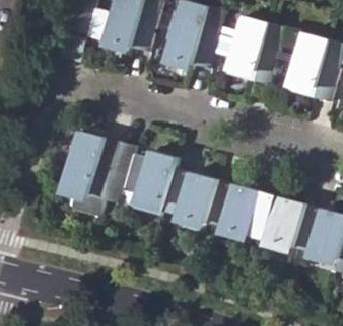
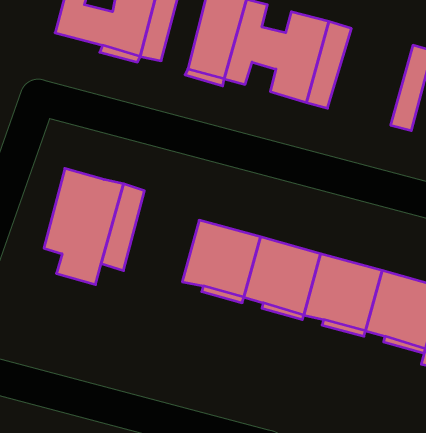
building: [284,32,328,97] -> none
building: [132,149,176,214] -> none

